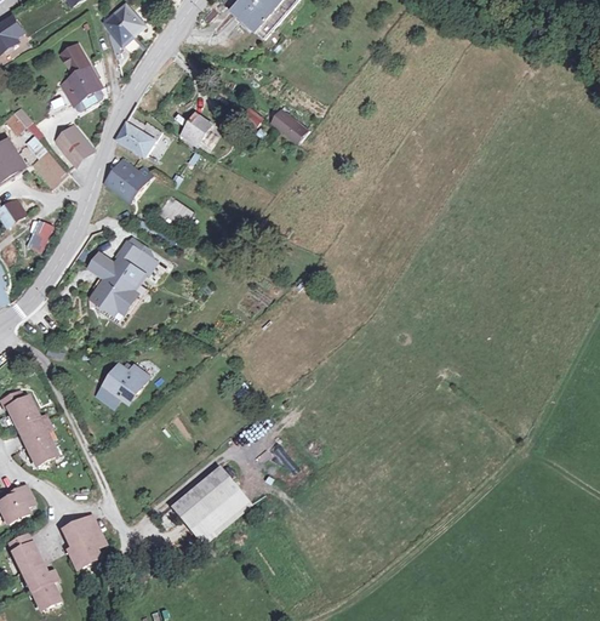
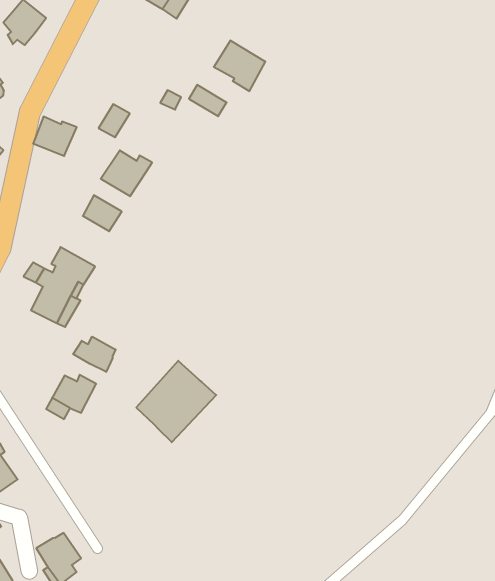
building: none -> [214,40,265,91]
building: [105,159,156,204] -> [101,150,152,196]
building: none -> [73,337,116,372]
building: [171,468,248,545] -> [136,361,216,442]

